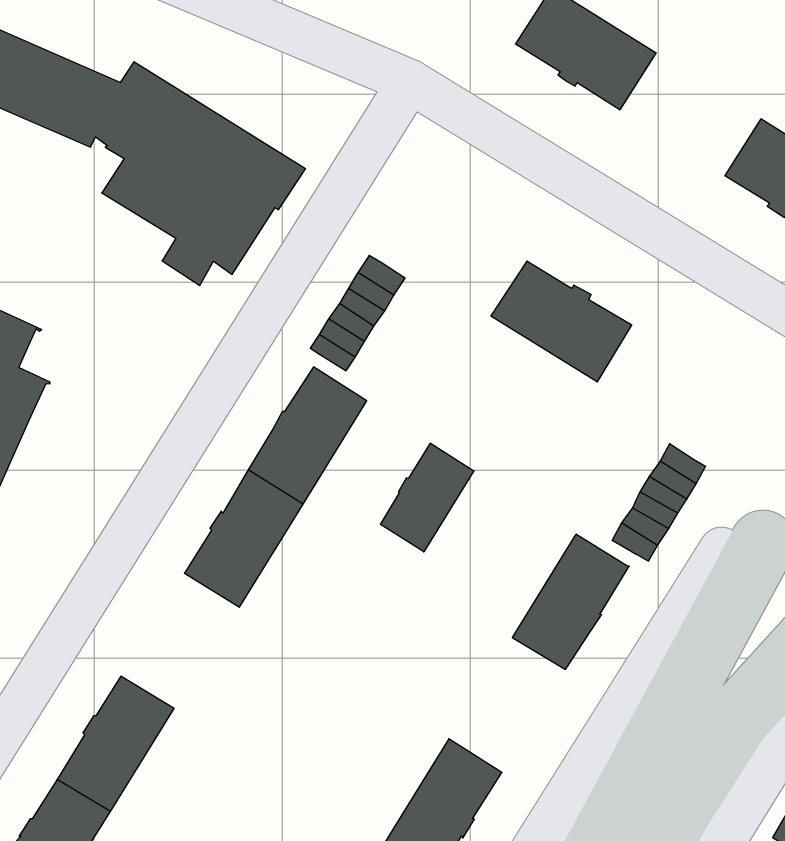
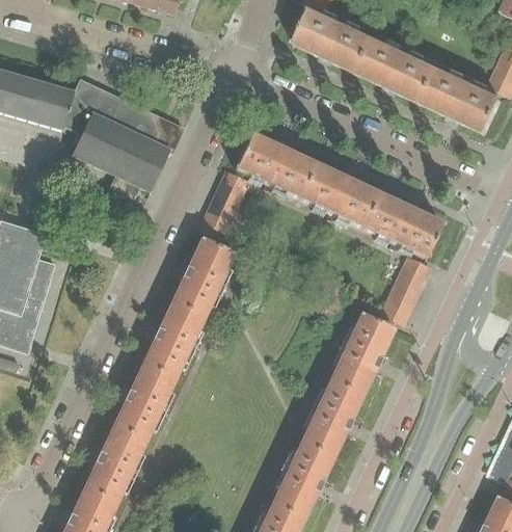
building: none -> [358,38,438,103]
building: none -> [236,134,316,197]
building: none -> [363,193,442,258]
building: [380,443,474,552] -> none
building: none -> [114,363,177,440]
building: none -> [303,377,365,454]

